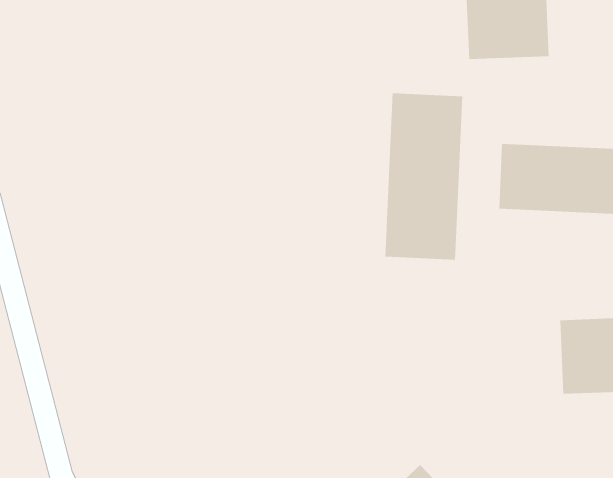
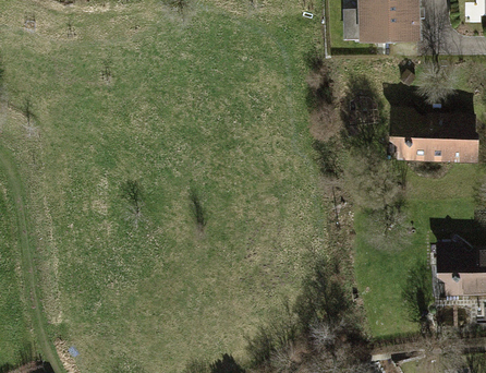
building: [385,93,463,261] -> none

